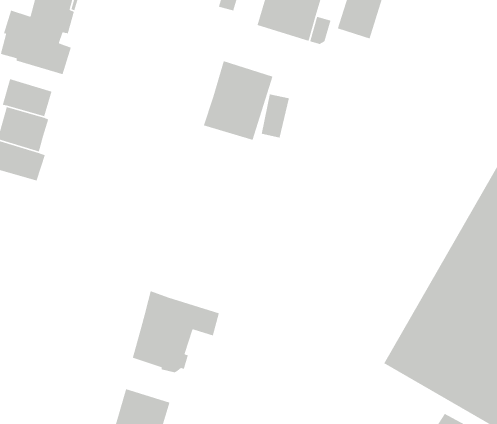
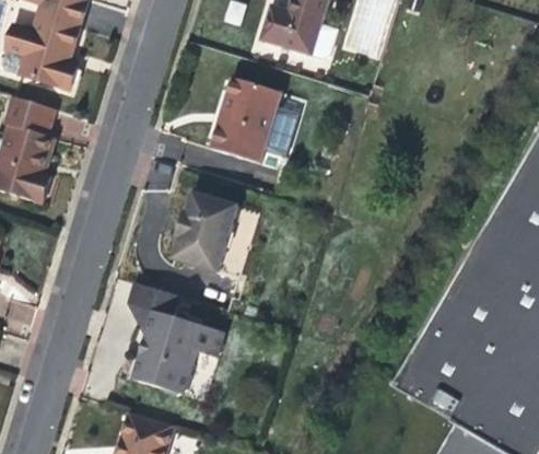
building: none -> [175,193,242,273]
building: none -> [128,279,178,330]

